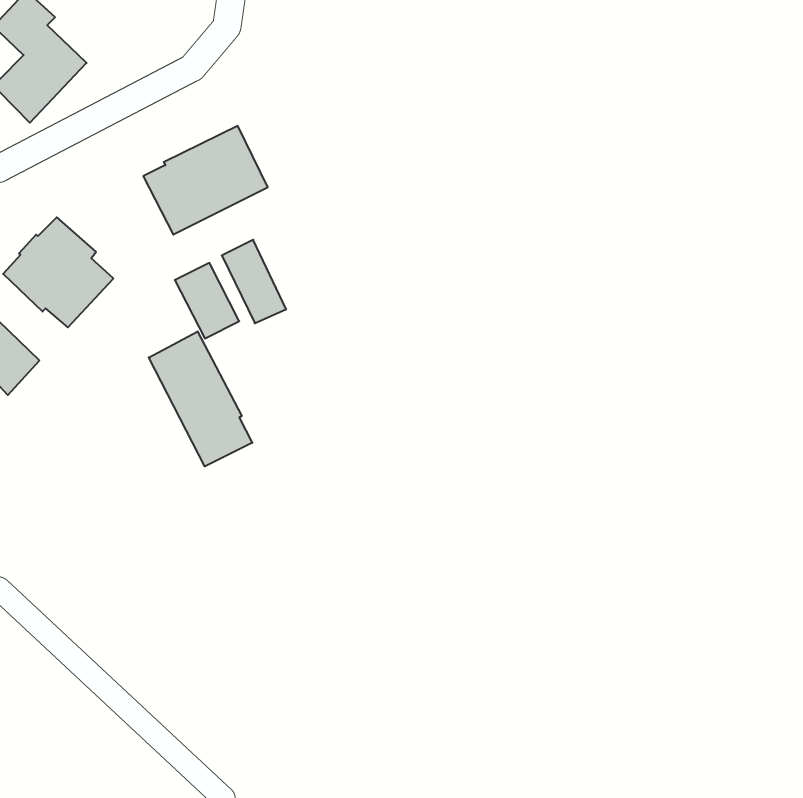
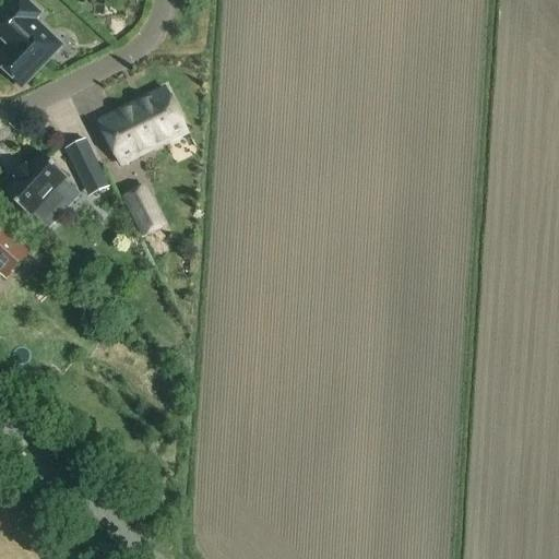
building: [222,240,286,323] -> [64,136,109,194]
building: [149,331,252,466] -> none

